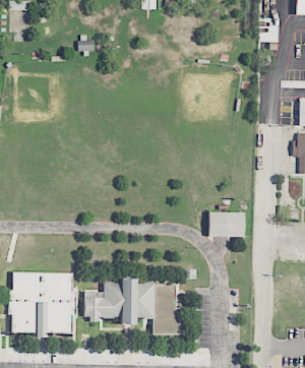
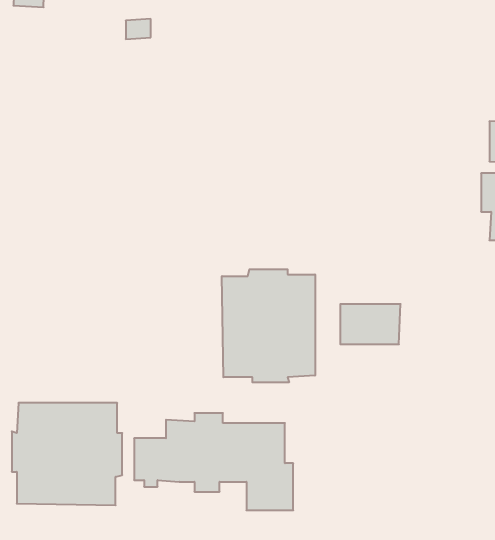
building: none -> [222,269,315,382]

